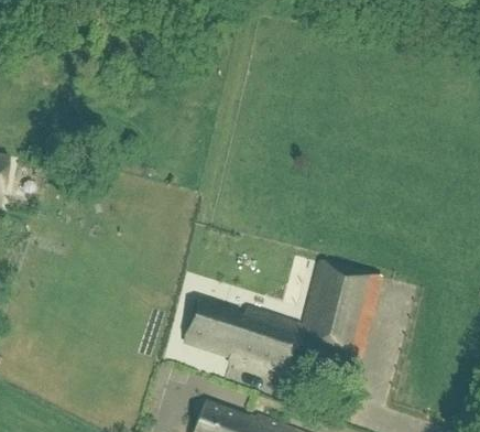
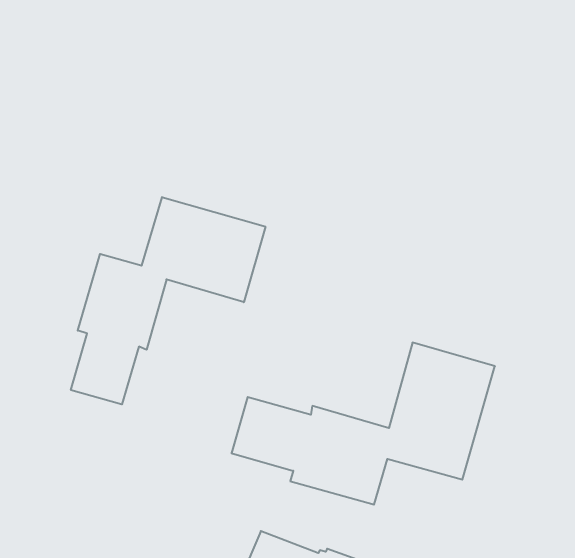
building: none -> [71,197,265,404]

